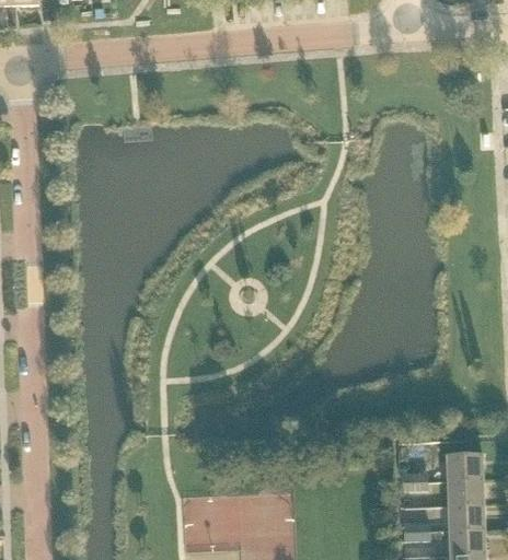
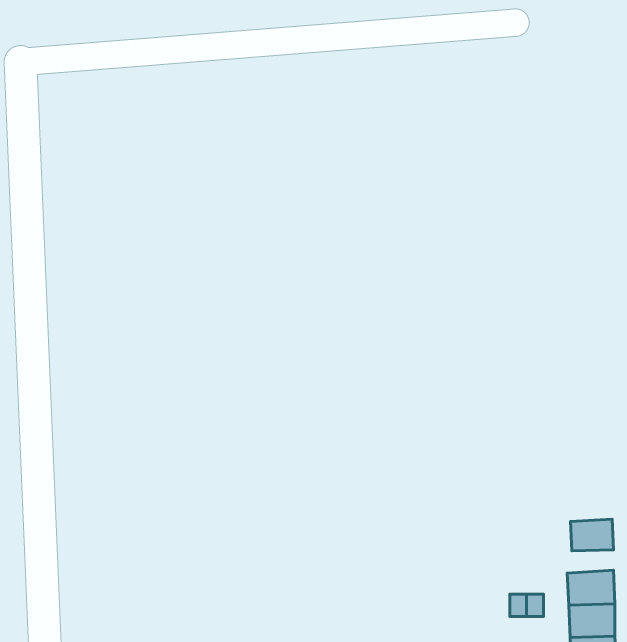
building: none -> [571,519,614,551]

